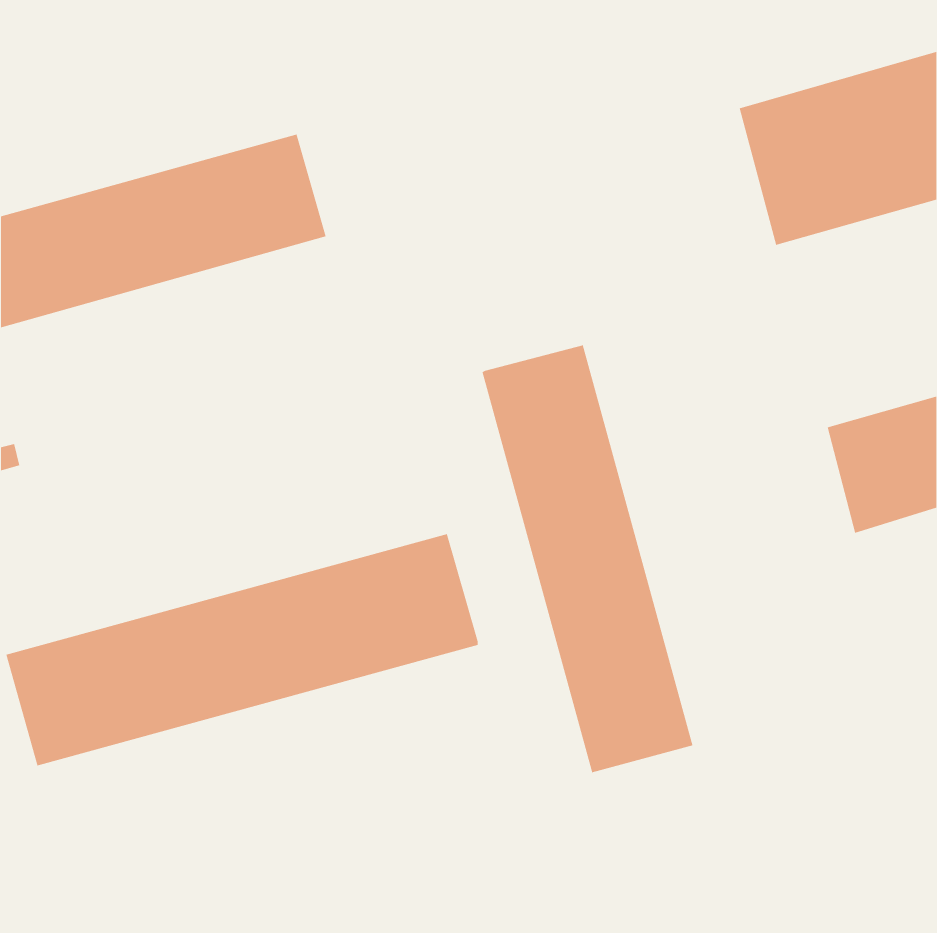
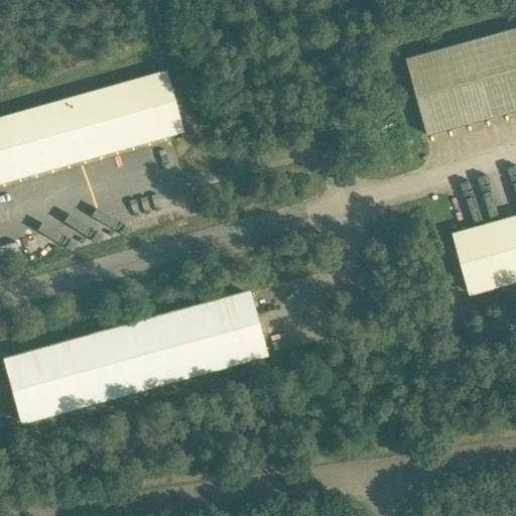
building: [482,345,693,773] -> none

